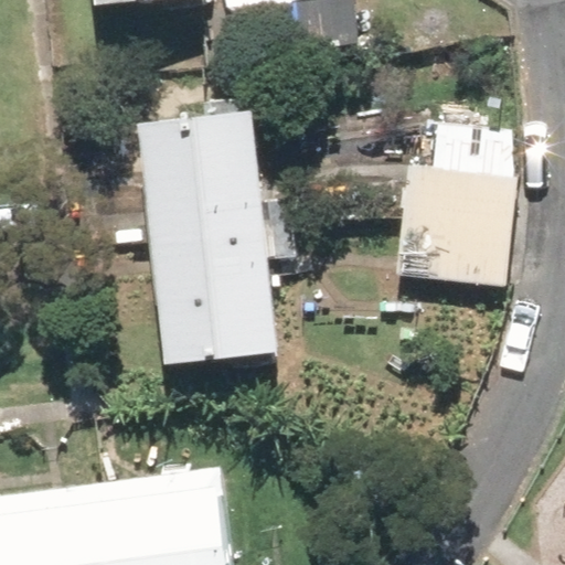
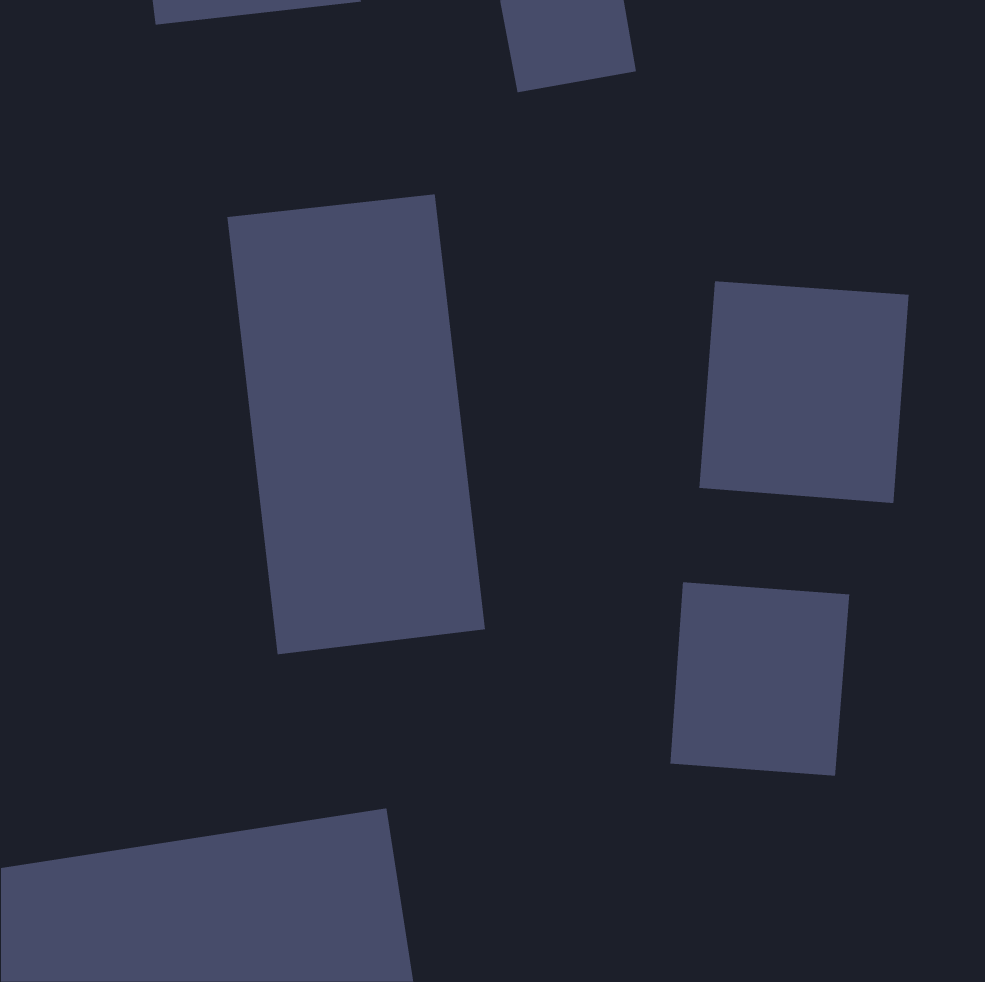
building: none -> [670,581,850,776]

